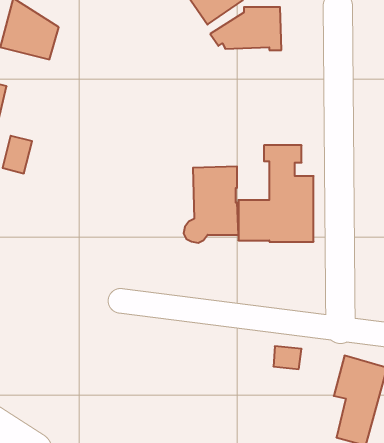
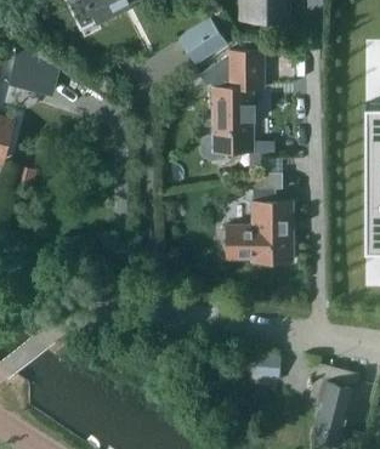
building: [184,166,238,243] -> [203,86,253,155]

